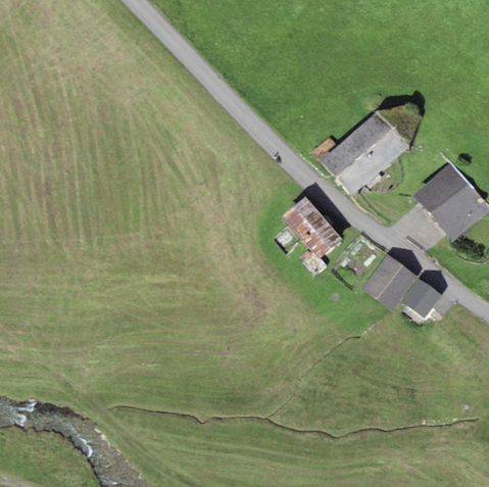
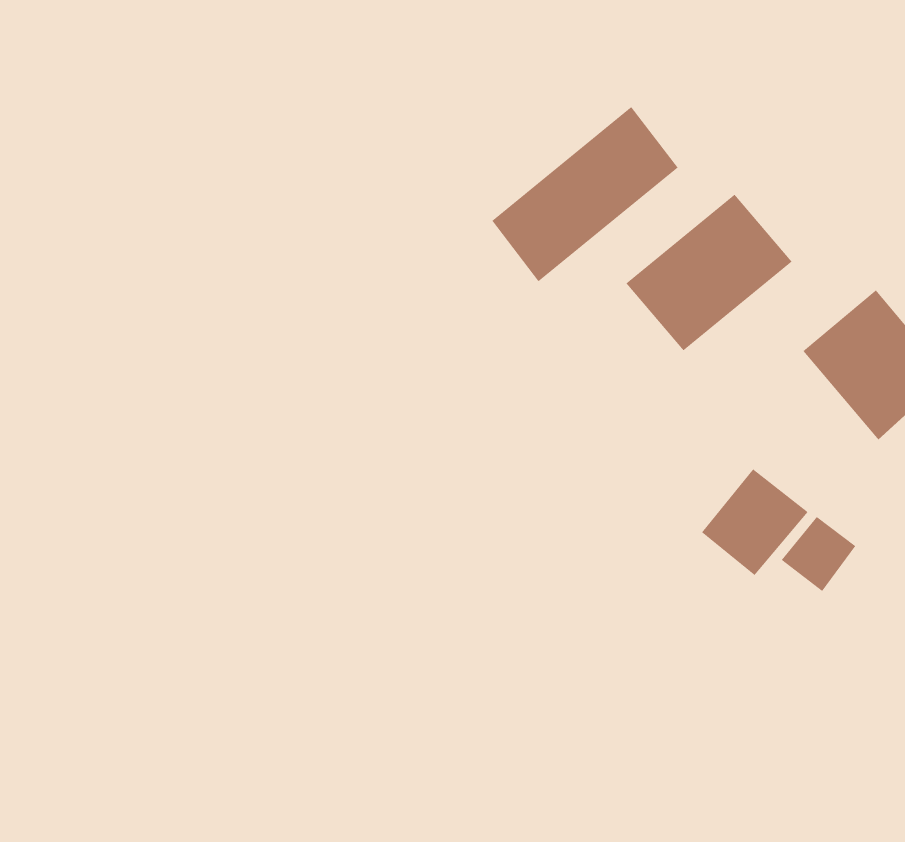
building: none -> [491,106,678,282]
building: [283,197,341,258] -> none

